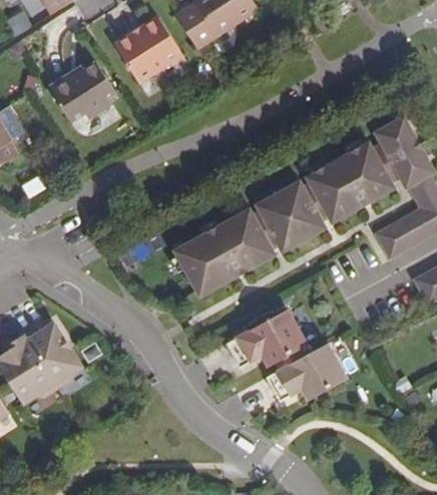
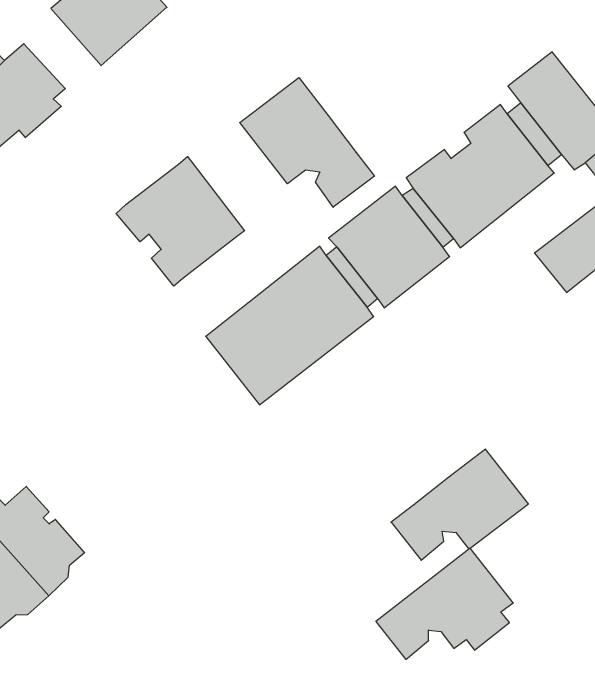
building: none -> [240,78,375,207]
building: none -> [116,157,245,286]
building: [226,309,308,369] -> [376,548,513,659]

